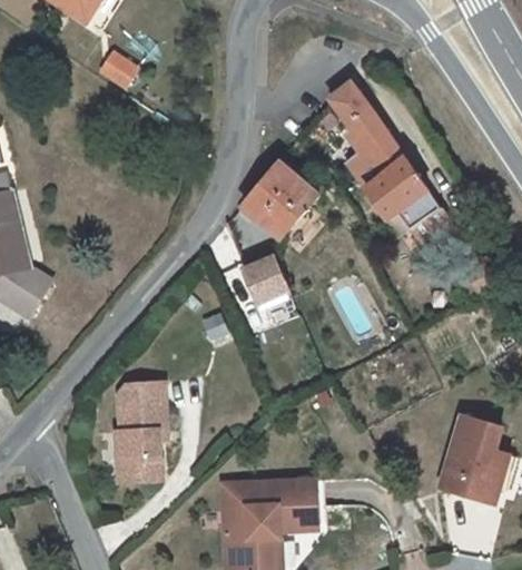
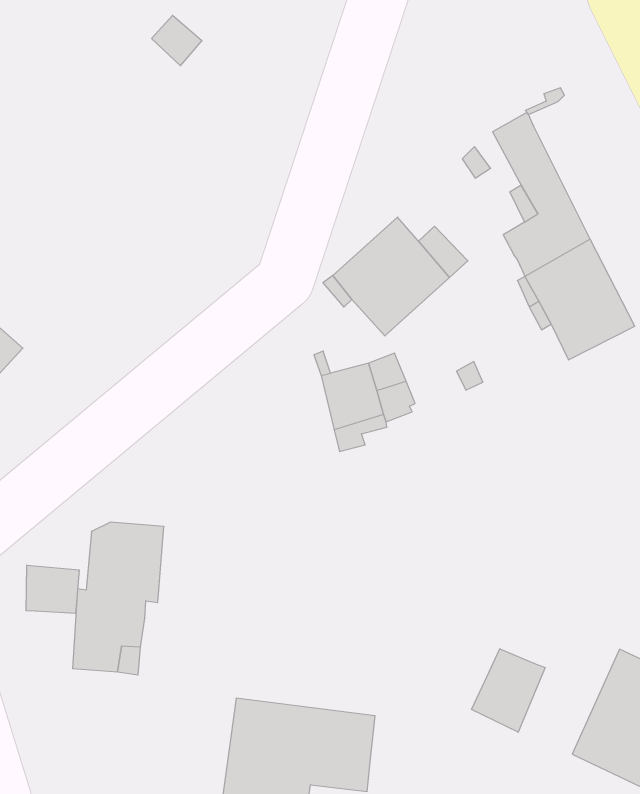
building: none -> [26,565,79,613]
building: none -> [472,649,545,732]

